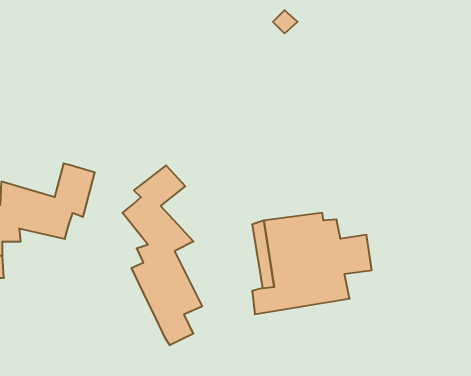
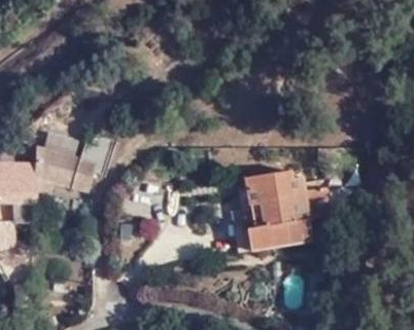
building: [122,165,202,345] -> none

